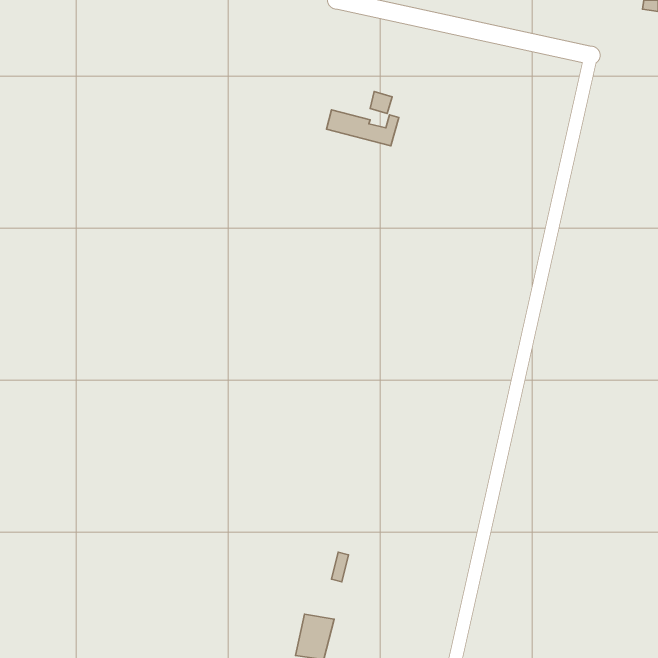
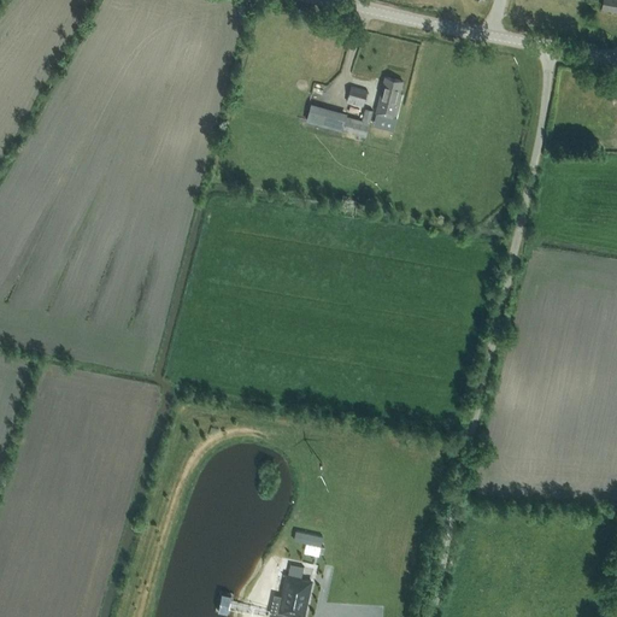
building: none -> [375,77,402,121]

